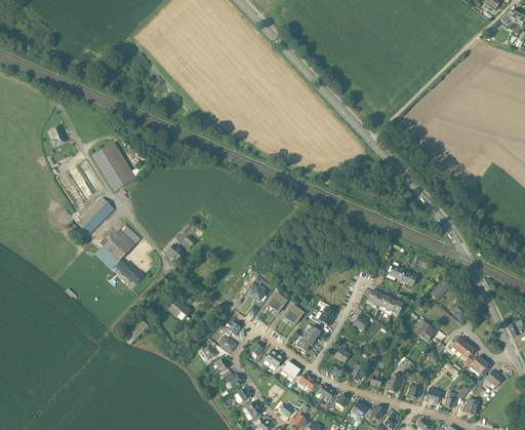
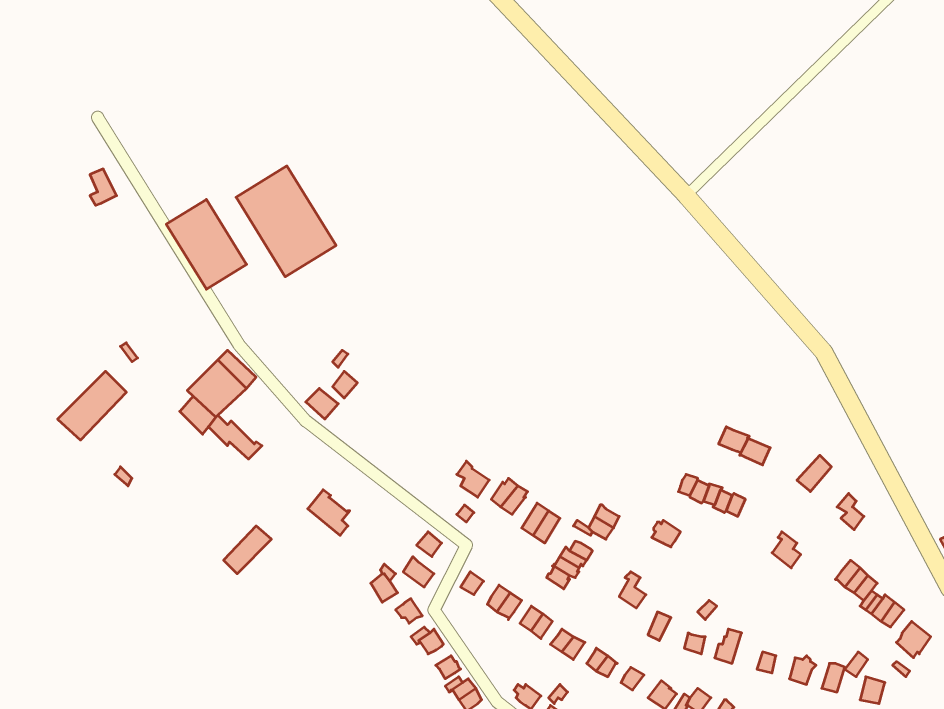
building: none -> [236,166,336,277]
building: [76,197,113,234] -> [58,371,126,440]

